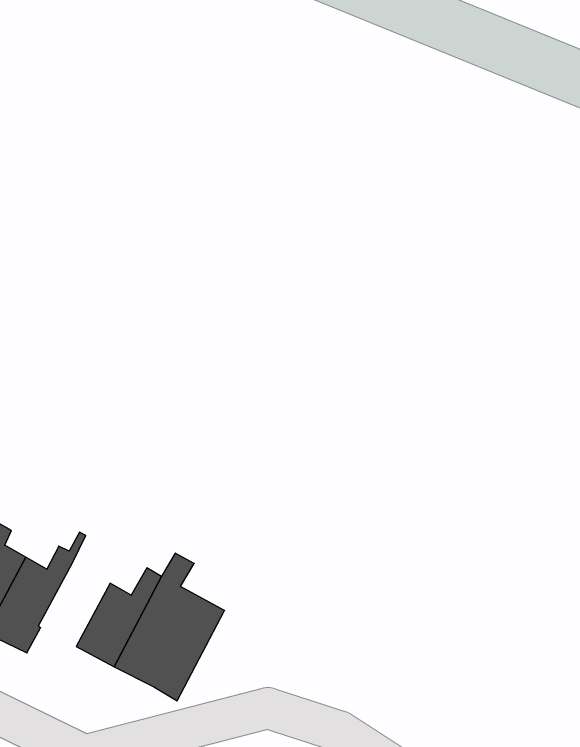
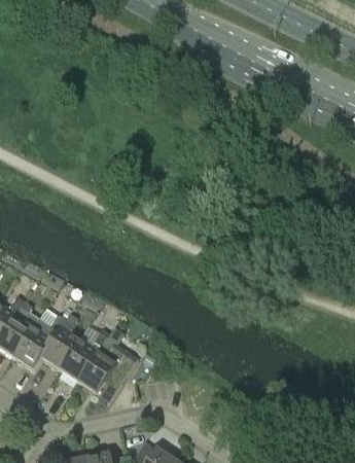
building: none -> [41,312,80,368]

